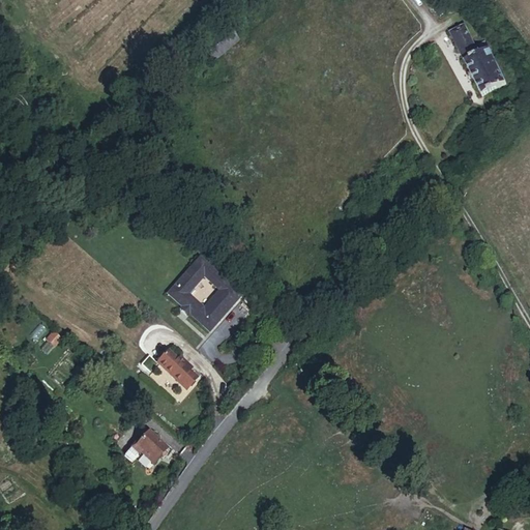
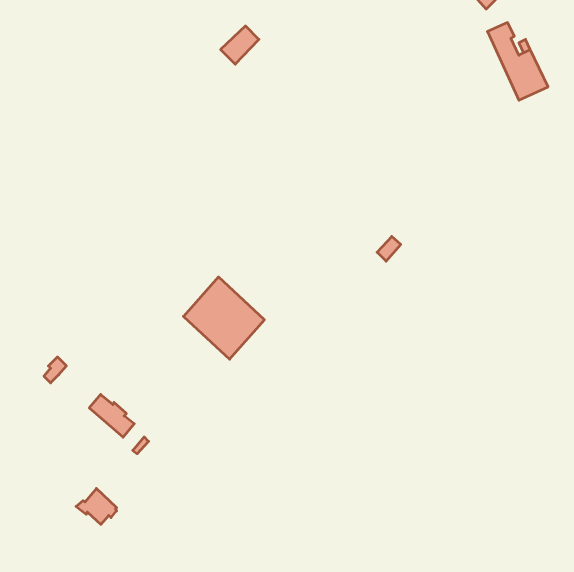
building: [155,349,197,388] -> [89,394,134,437]
building: [128,430,166,463] -> [76,488,117,524]

